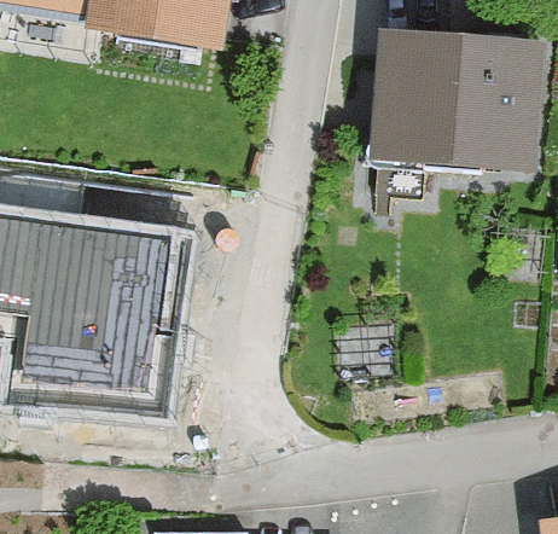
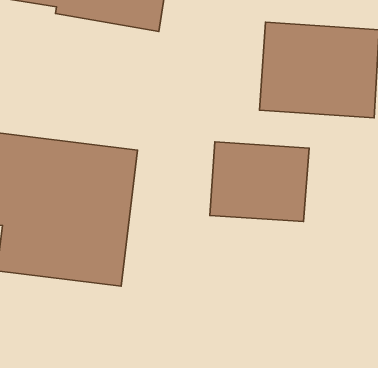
building: none -> [210,142,309,222]

